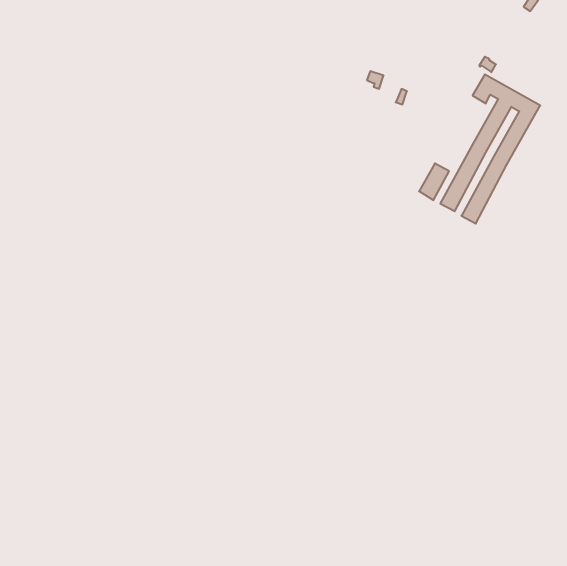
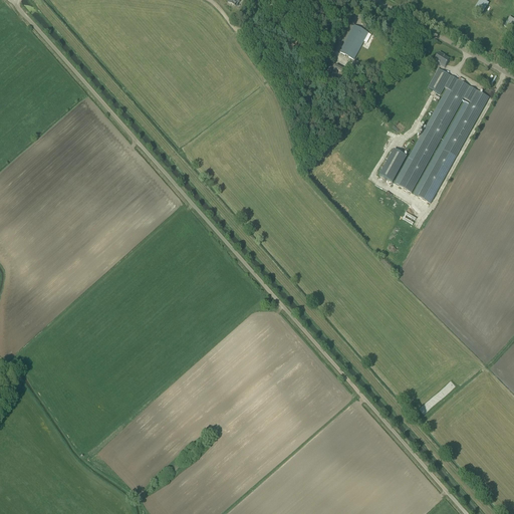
building: none -> [339,24,370,58]

